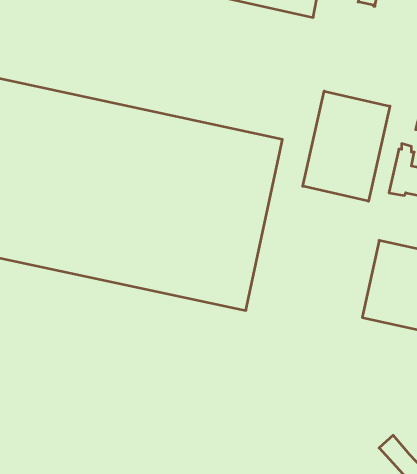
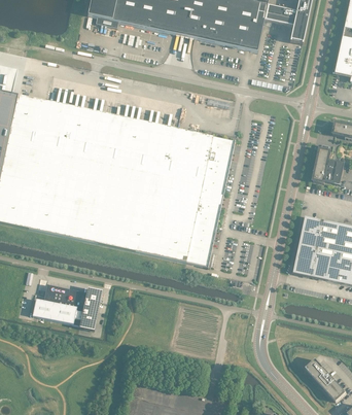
building: [303,91,390,201] -> none
building: none -> [31,283,102,330]

